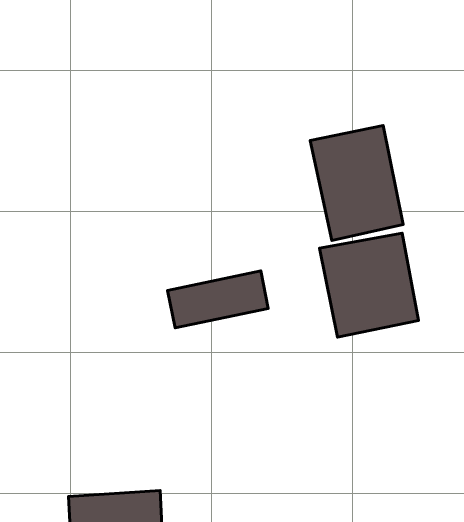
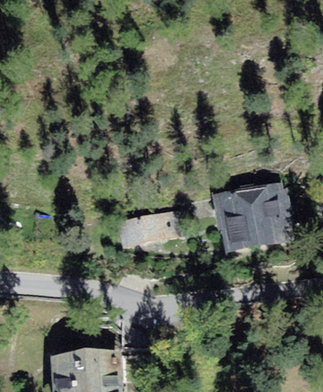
building: [310,126,403,240] -> none

